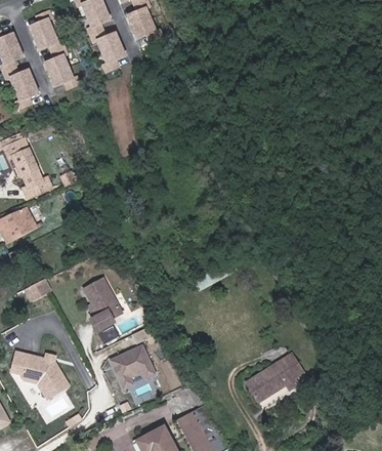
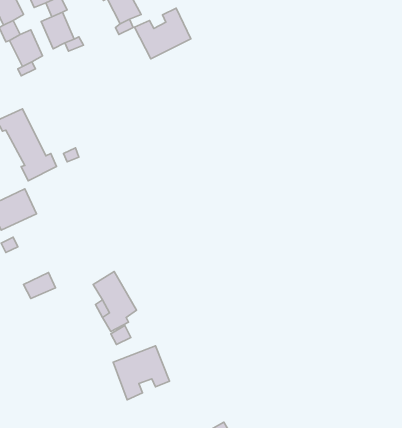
building: none -> [134,8,191,59]
building: [11,351,71,401] -> none
building: [238,353,299,404] -> none

